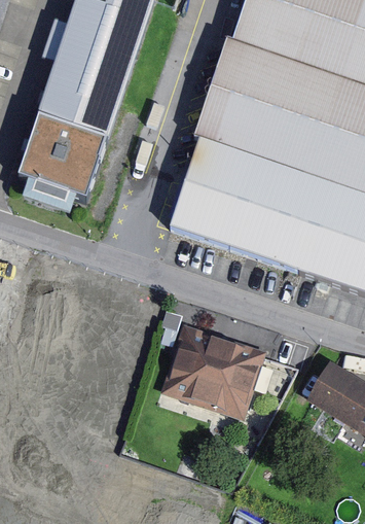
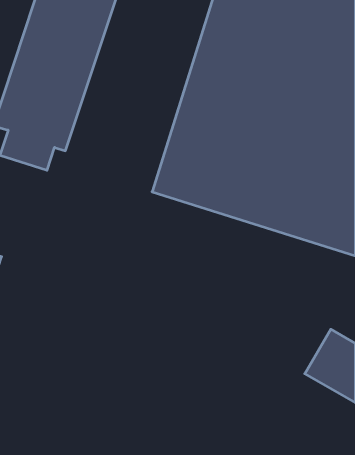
building: [169,320,271,412] -> none

